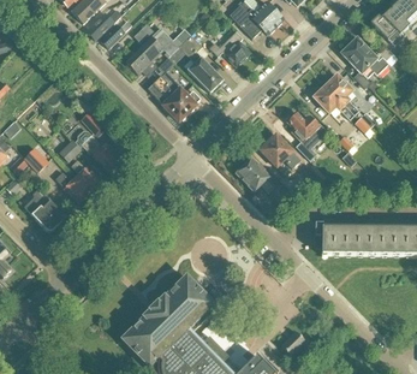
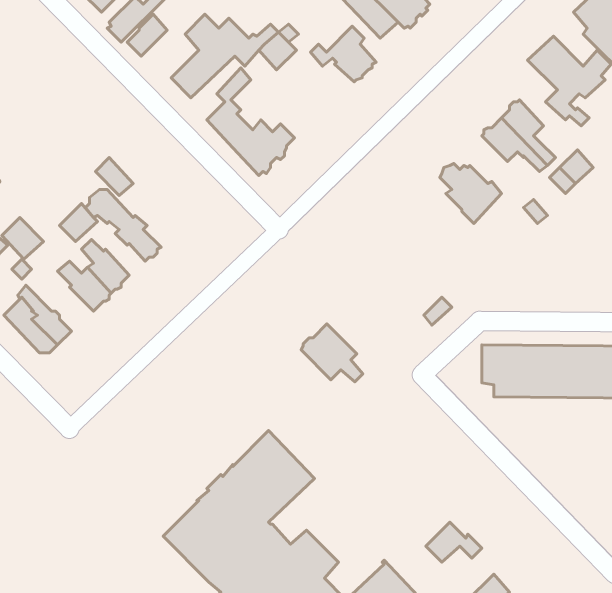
building: [187,53,224,93] -> none
building: [261,133,302,167] -> none
building: [237,158,274,192] -> [301,324,363,382]

